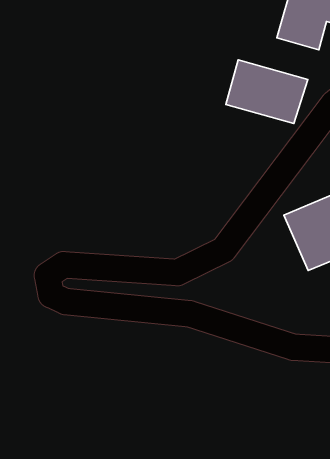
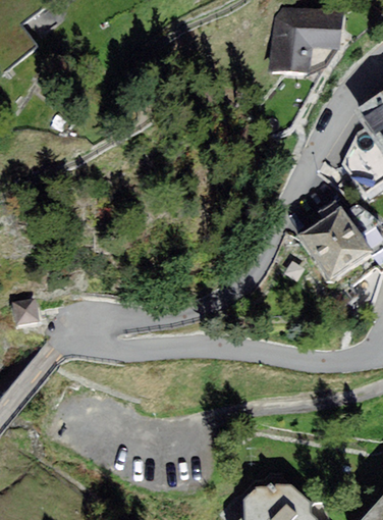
building: [226,60,308,124] -> none

